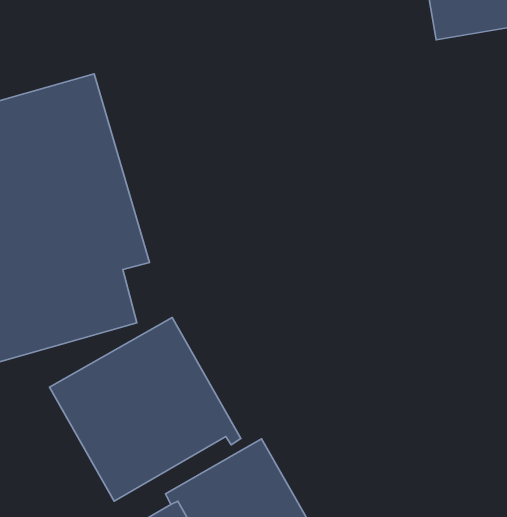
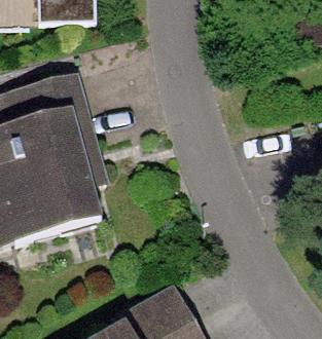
building: [49,317,241,501] -> none

